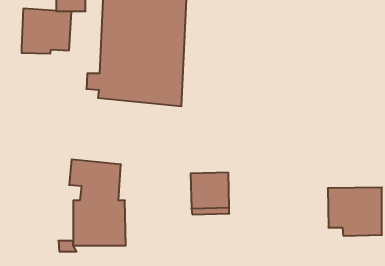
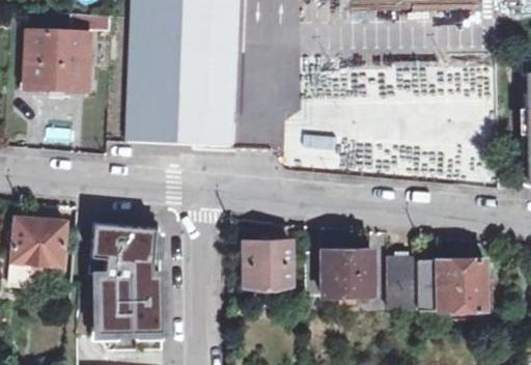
building: none -> [10,220,64,305]
building: none -> [307,249,371,298]
building: none -> [386,258,418,311]

